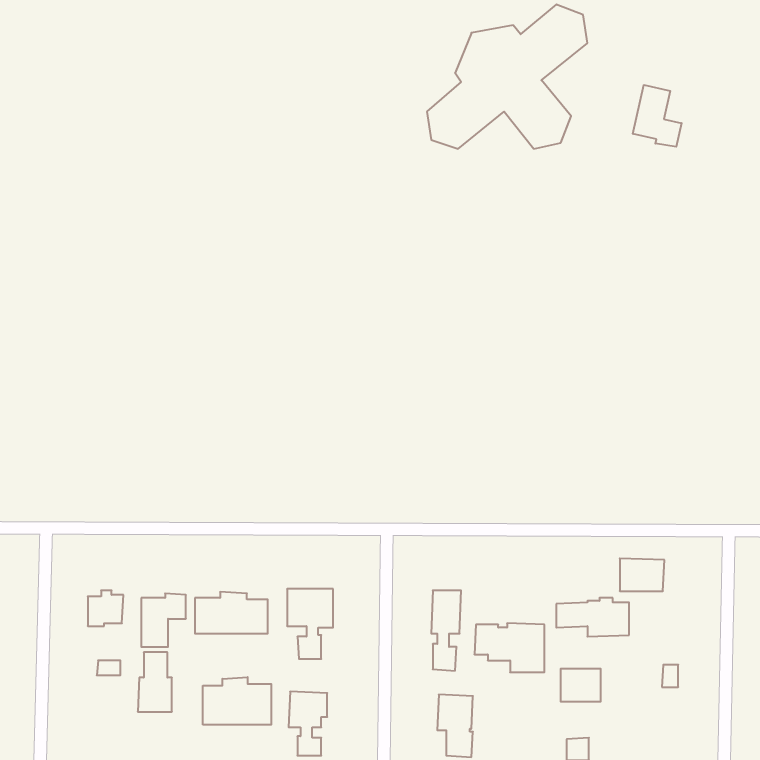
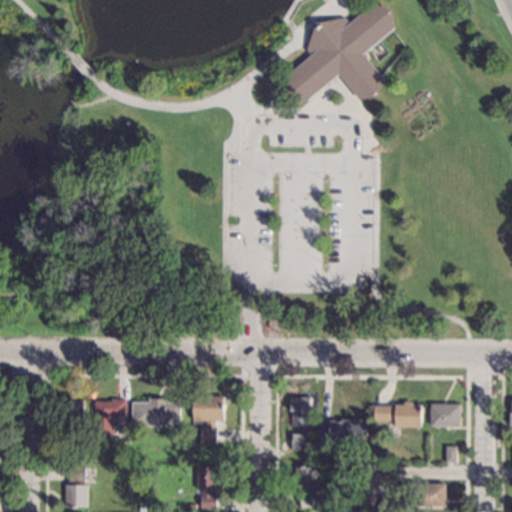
building: [633,85,682,147] -> none
building: [620,558,664,591] -> [430,404,460,426]
building: [138,652,172,712] -> [64,467,87,507]
building: [561,669,601,702] -> [418,484,445,506]
building: [203,677,271,725] -> none

